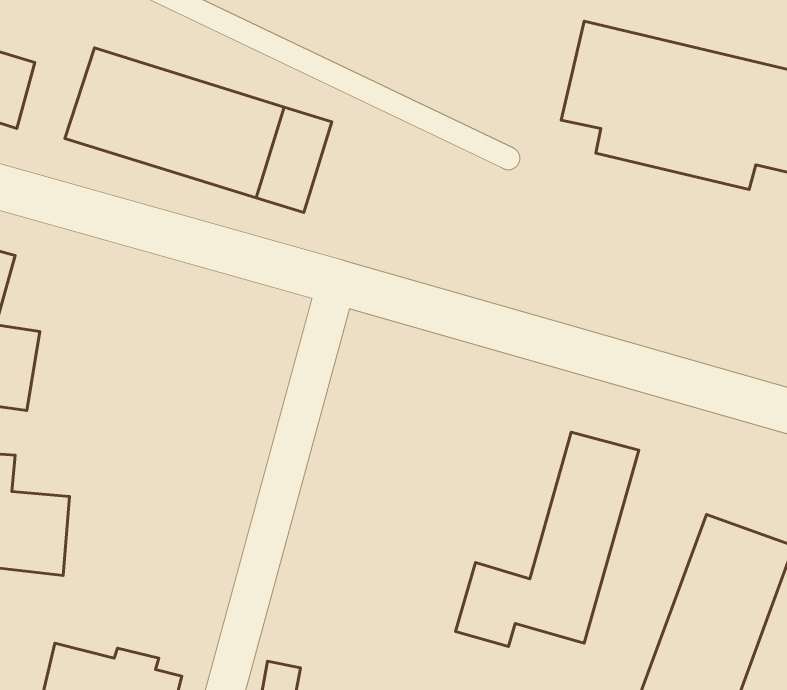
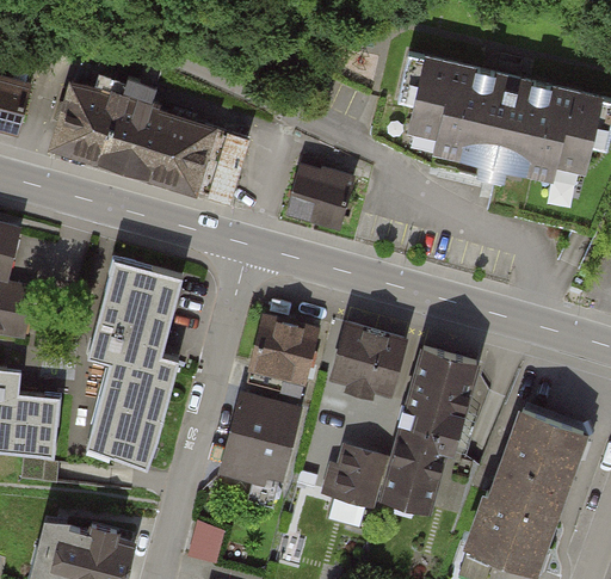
building: none -> [288,167,350,230]
building: none -> [87,258,177,462]
building: none -> [239,319,321,402]
building: none -> [332,328,400,395]
building: none -> [227,394,310,478]

